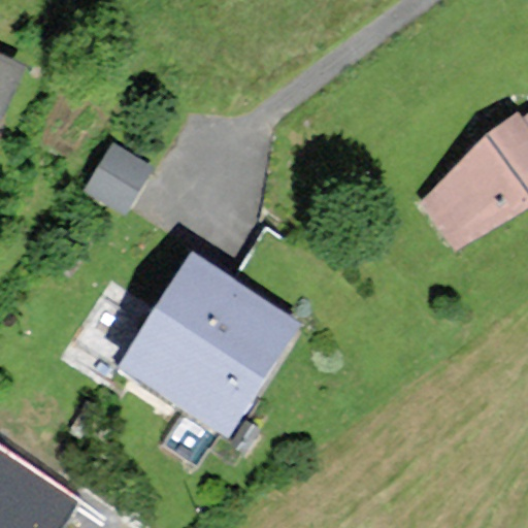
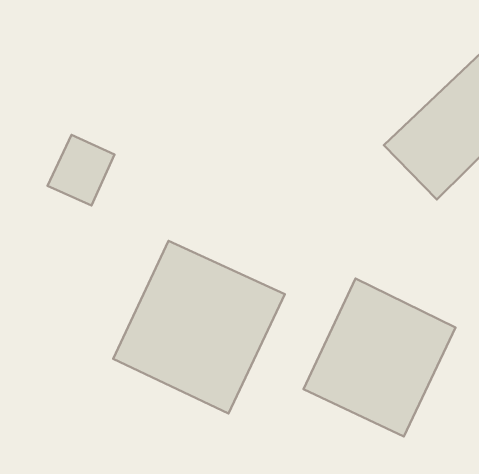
building: none -> [304,279,456,436]

